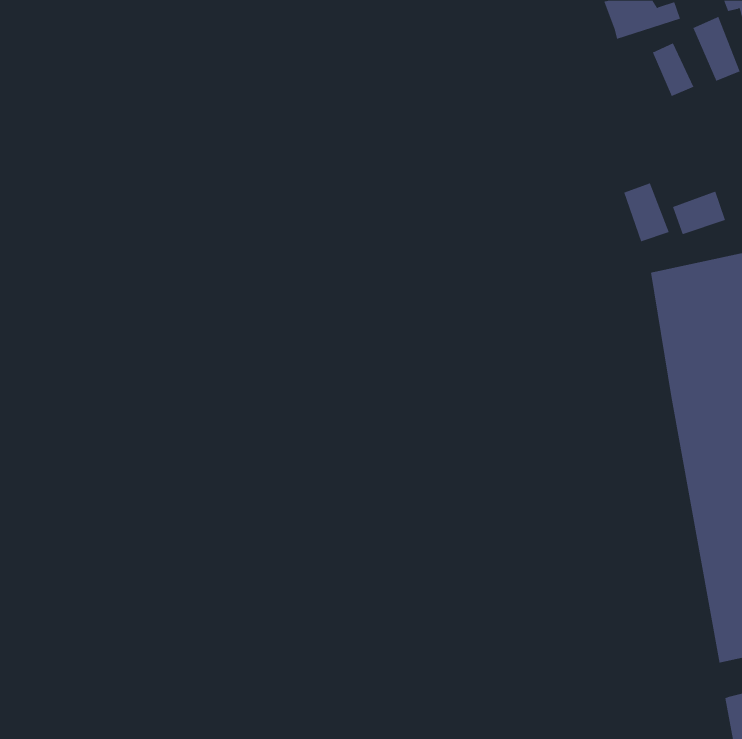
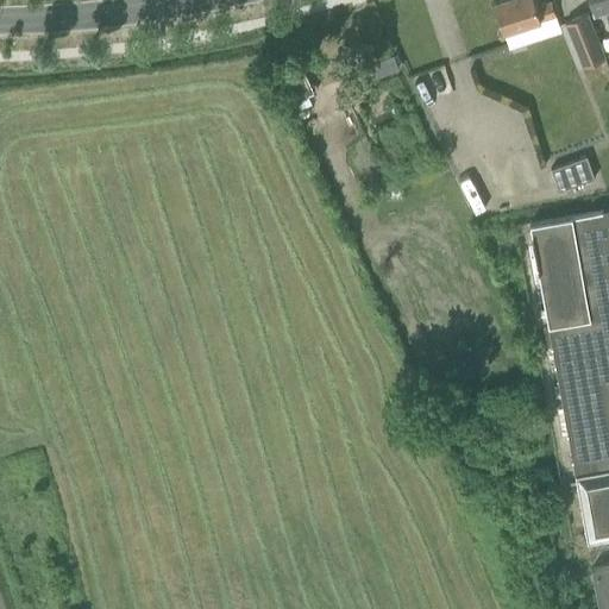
building: [652,43,694,97] -> none
building: [623,182,670,242] -> none

